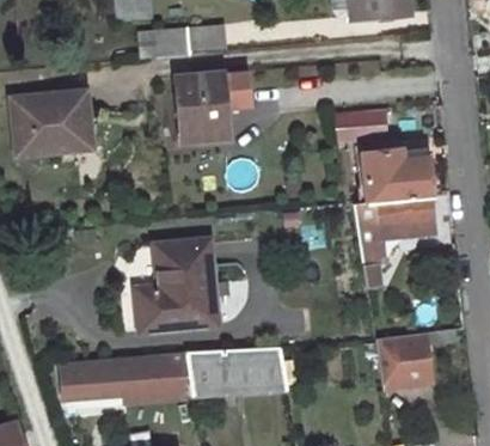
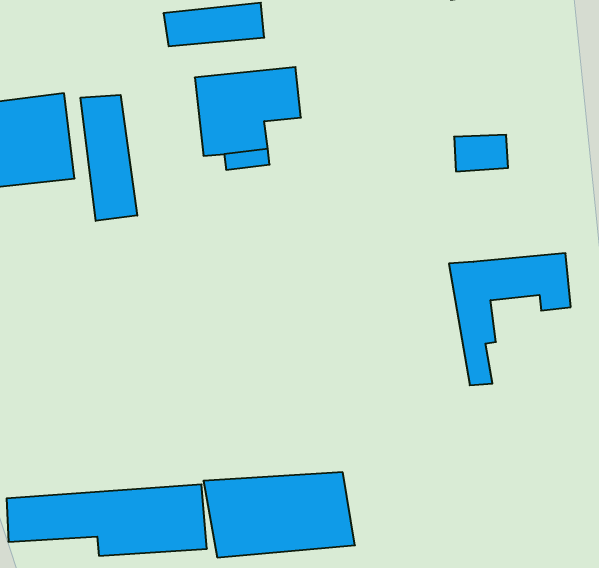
building: none -> [81,95,137,221]
building: [361,149,431,202] -> none
building: [141,239,222,331] -> none
building: [374,334,431,387] -> none

